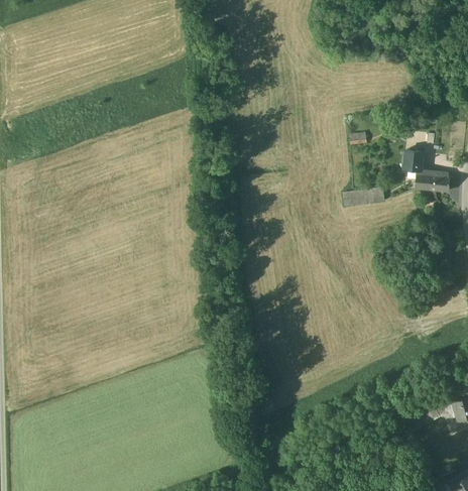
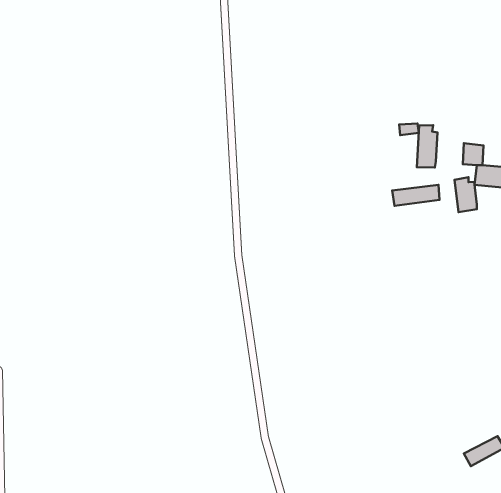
building: none -> [417,125,438,168]
building: none -> [455,177,477,212]

